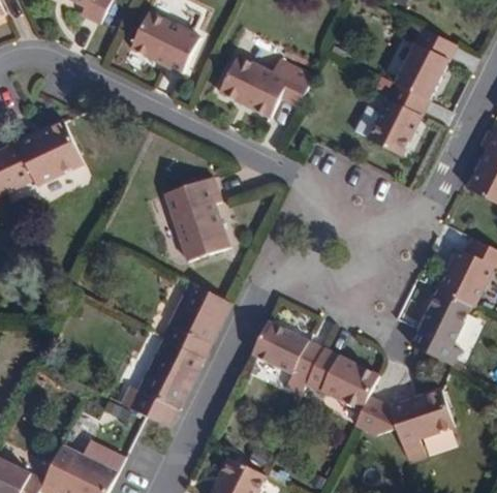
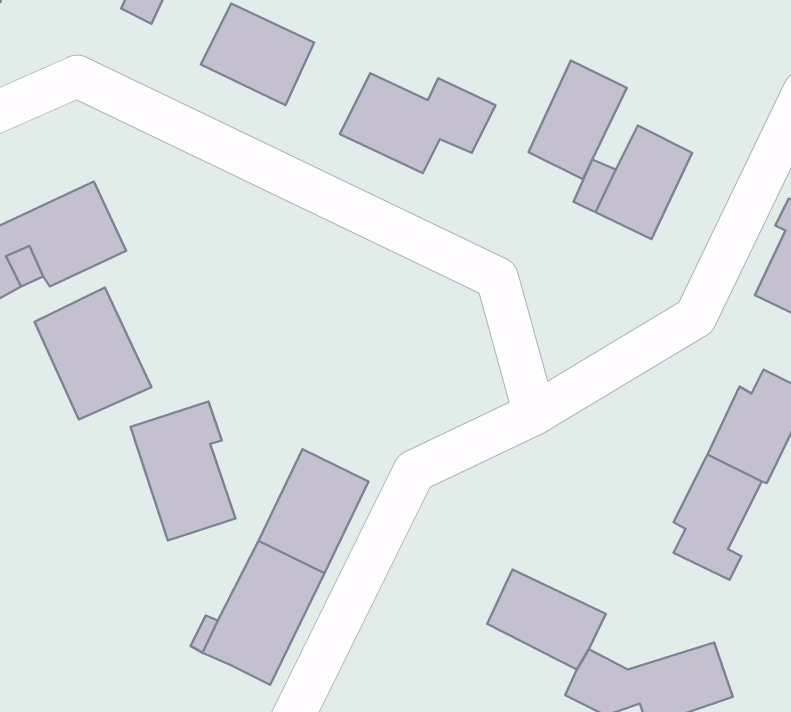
building: [397,29,457,101] -> [528,61,627,179]
building: [165,176,229,260] -> [130,401,236,540]
building: none -> [34,288,151,419]
building: [249,329,320,389] -> none

